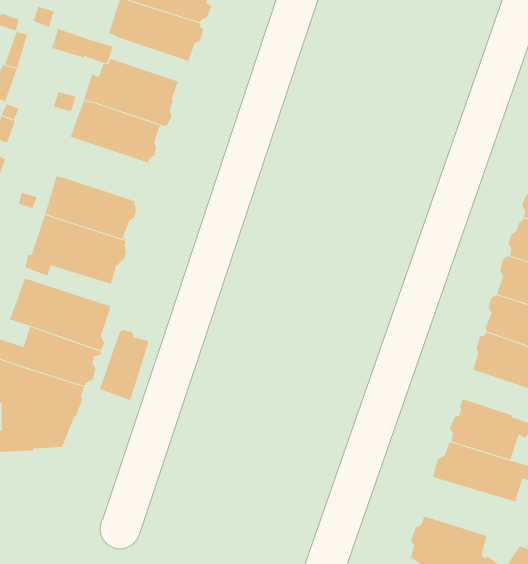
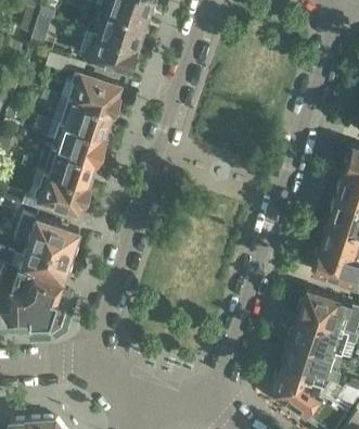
building: none -> [48,122,107,164]
building: [99,329,149,401] -> none
building: none -> [282,342,335,383]

